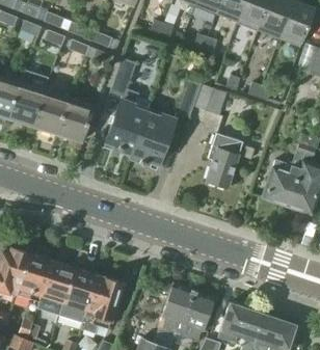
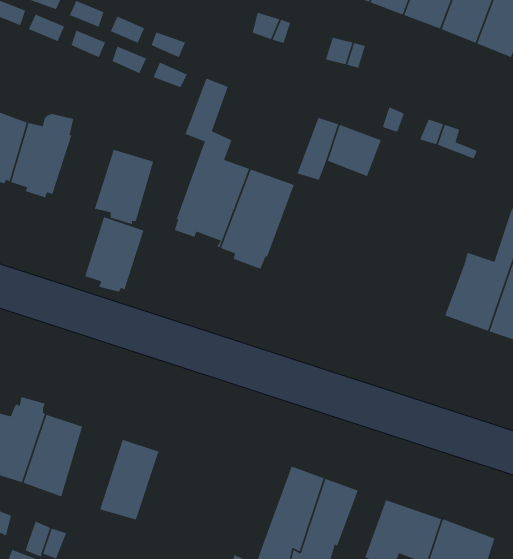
building: [33,90,69,135] -> [84,216,145,293]
building: [207,131,243,187] -> none
building: [38,261,74,309] -> none
building: [78,275,121,333] -> none

